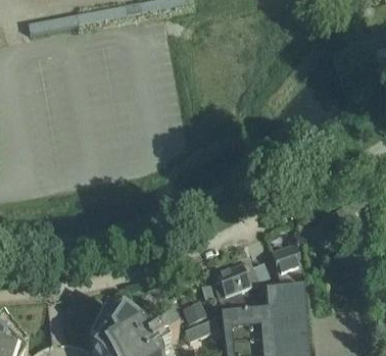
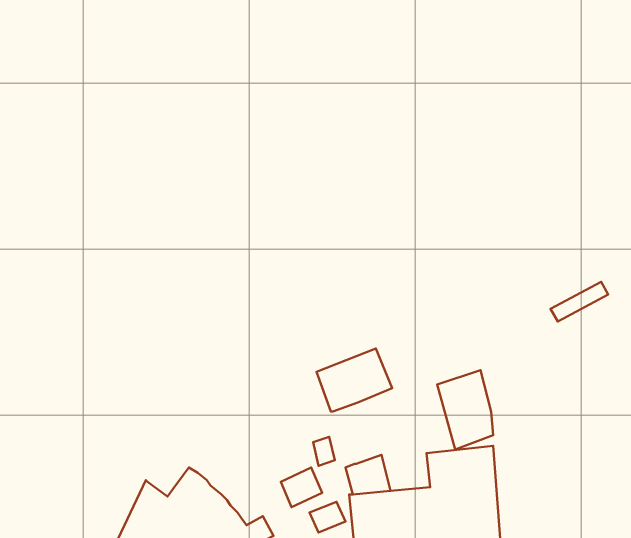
building: [215,259,258,295] -> [317,348,392,411]

